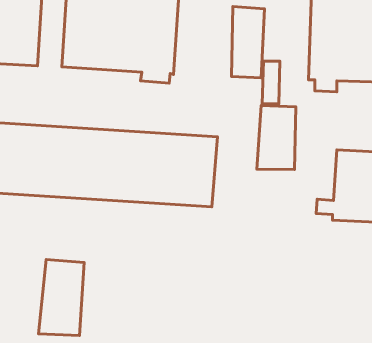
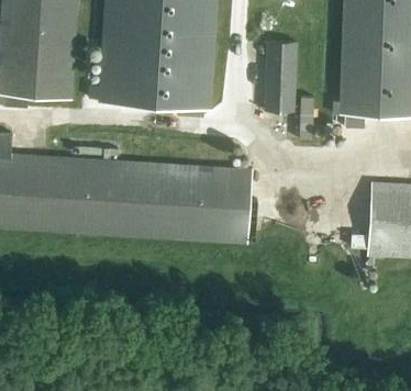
building: [257,106,296,170] -> none
building: [39,260,84,336] -> none

